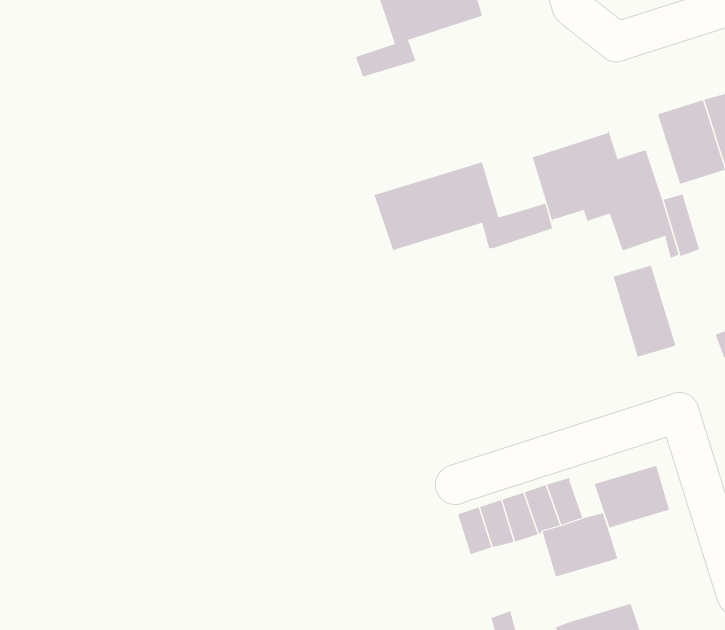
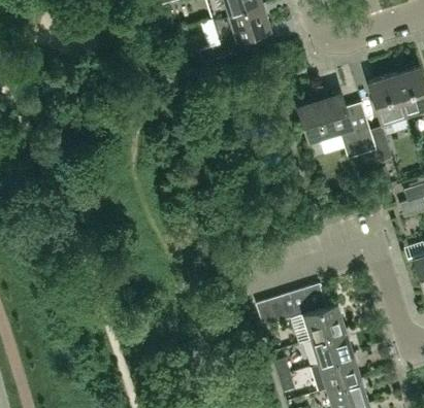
building: [373,162,553,251] -> none
building: [613,265,676,358] -> none
building: [594,465,670,528] -> [311,330,353,365]

